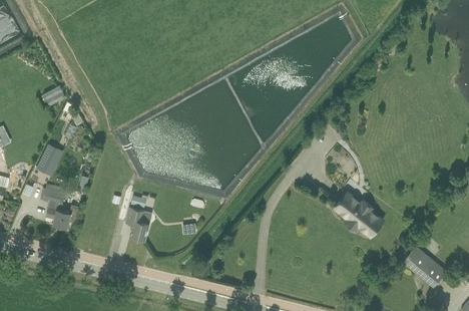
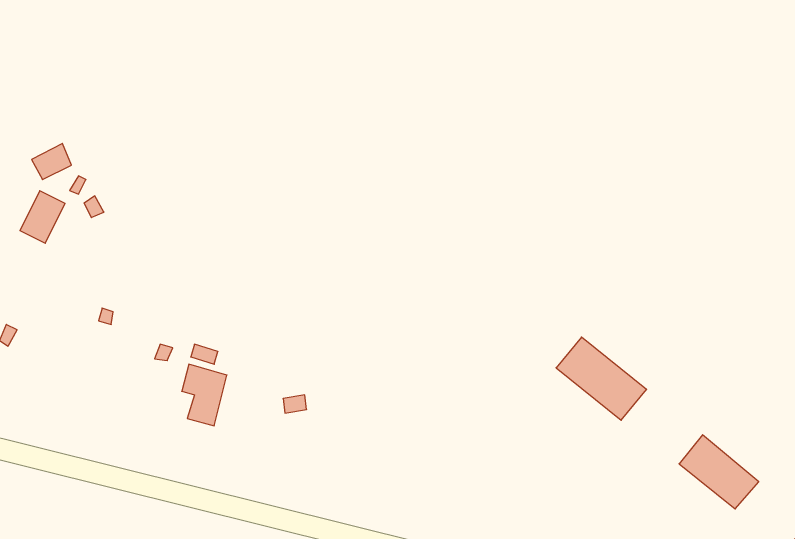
building: [36,146,61,176] -> [20,191,65,243]
building: [42,184,80,227] -> none

